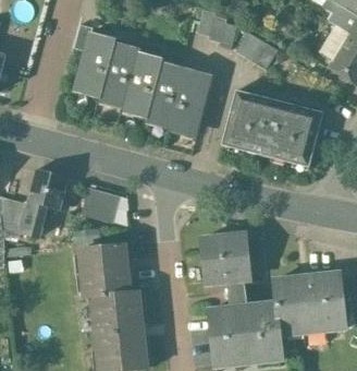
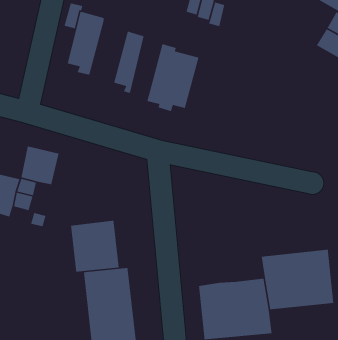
building: [235,32,278,70] -> none
building: [100,43,138,108] -> none
building: [140,58,172,119] -> none
building: [221,91,323,168] -> none
building: [75,184,128,222] -> none
building: [200,234,250,308] -> none

